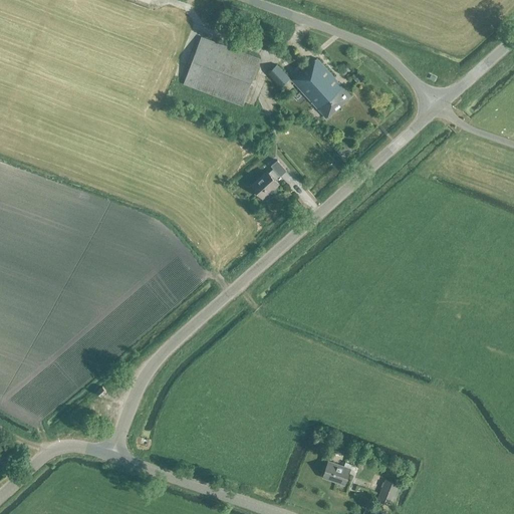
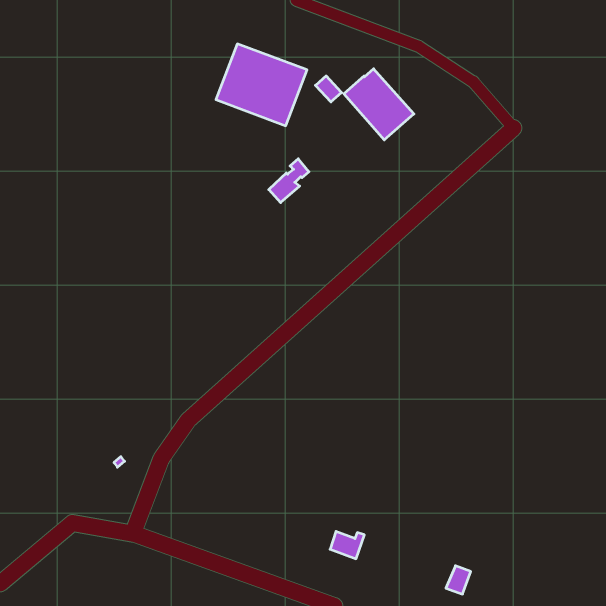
building: [252,160,286,197] -> [269,159,309,203]
building: [322,461,351,484] -> [330,531,364,559]

